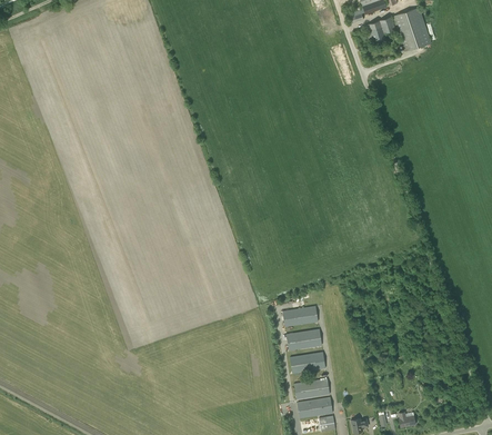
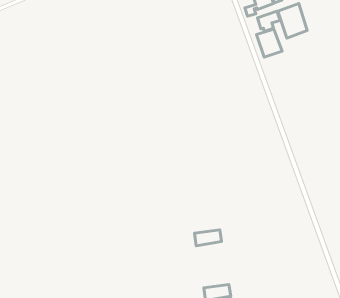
building: none -> [256,29,282,57]
building: [287,328,322,350] -> none
building: [290,352,325,374] -> none

